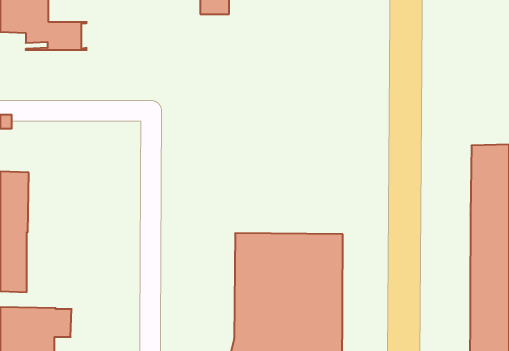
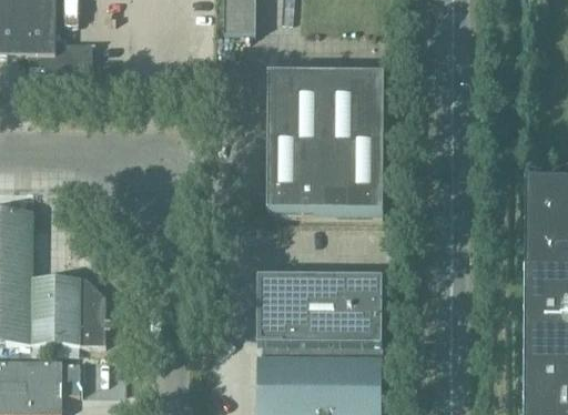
building: none -> [267,75,383,213]
building: none -> [30,275,105,342]

